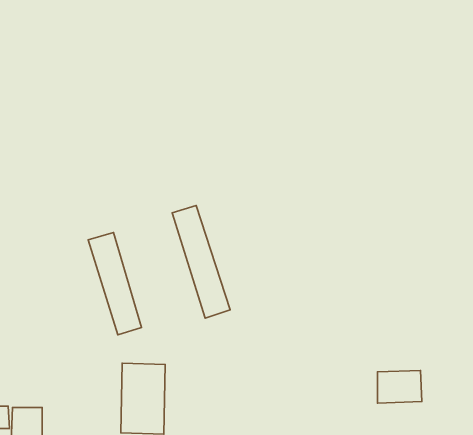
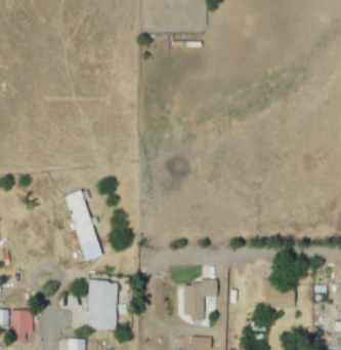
building: [172,205,230,318] -> none
building: none -> [183,279,218,320]

